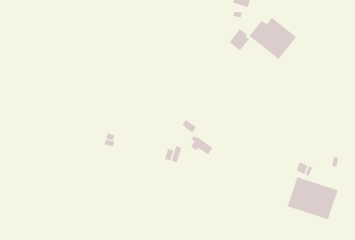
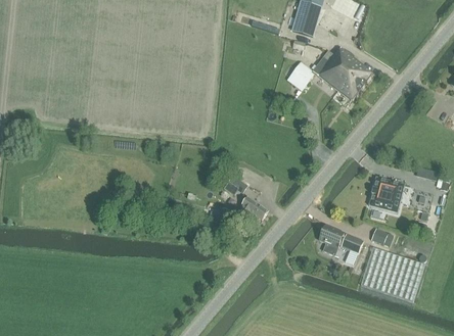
building: none -> [368,178,404,212]
building: none -> [318,226,363,255]

